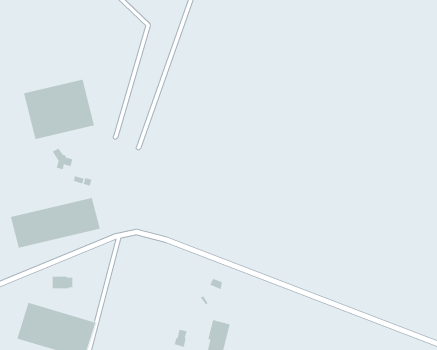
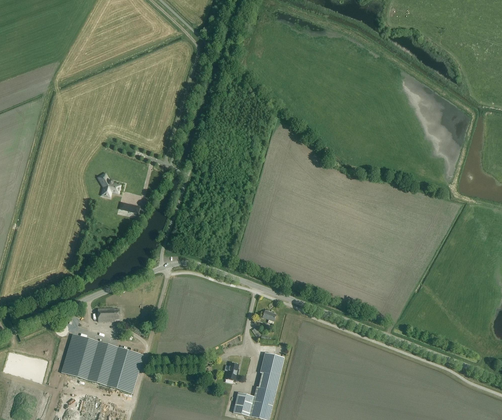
building: [24,79,95,140] -> none
building: [10,197,100,248] -> none

